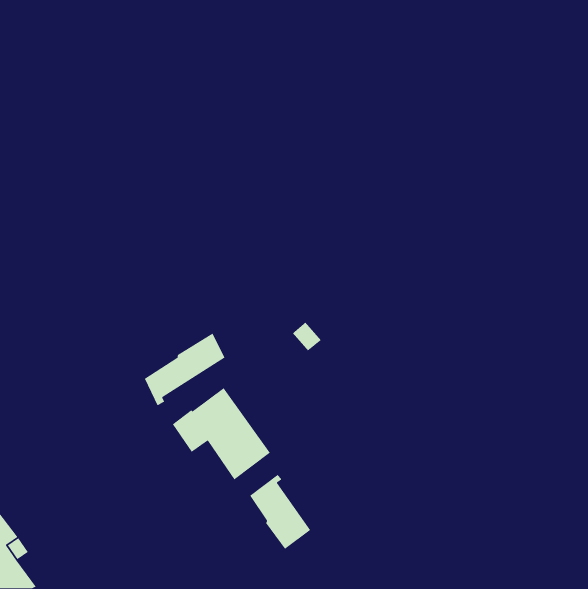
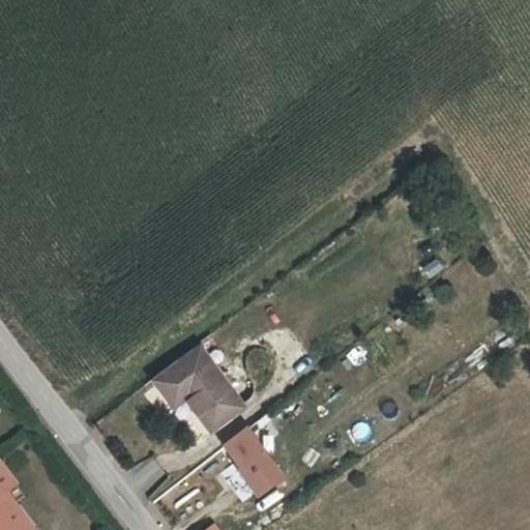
building: [144,333,226,407] -> none

